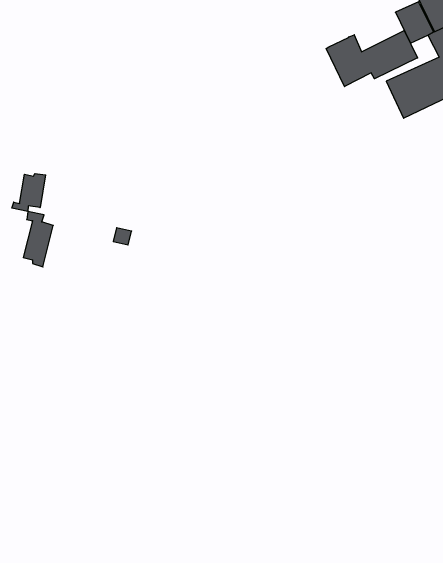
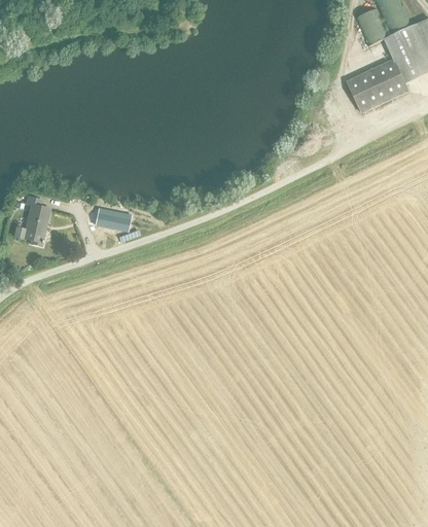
building: [326,30,418,87] -> none
building: [12,174,46,212] -> none

